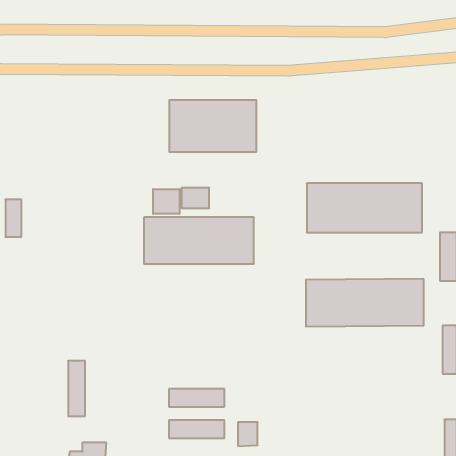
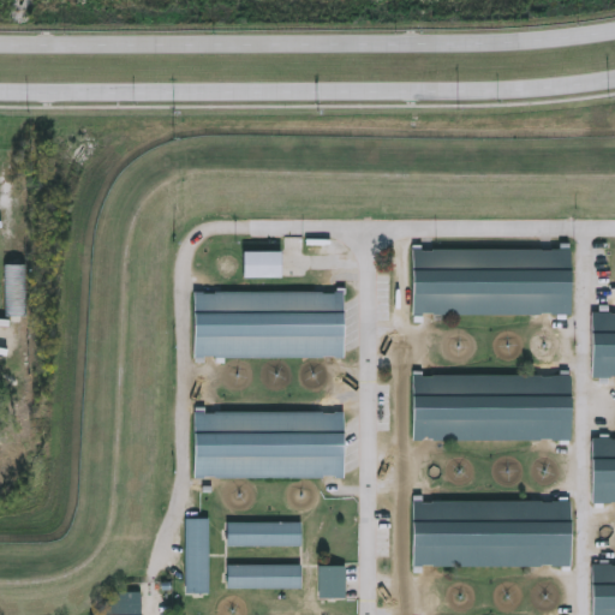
building: [169,100,256,152] -> none
building: [153,189,180,214] -> none
building: none -> [195,410,342,476]
building: [68,361,85,416] -> [187,520,210,595]
building: none -> [413,503,571,563]

